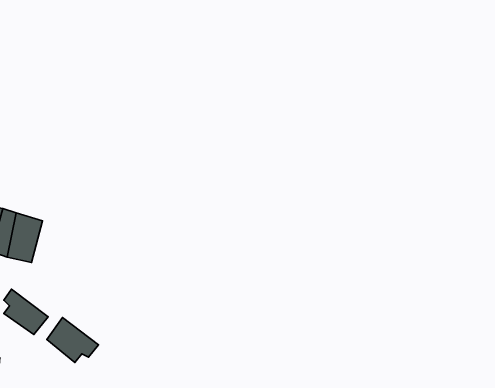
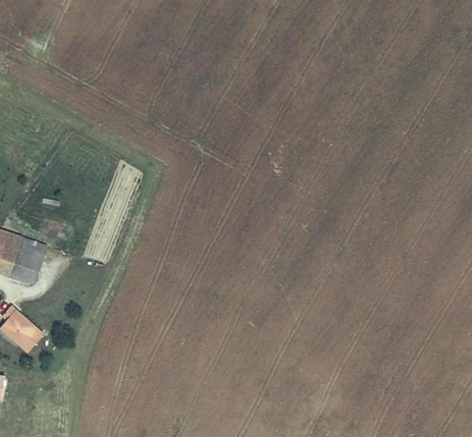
building: [47,318,99,362] -> none

